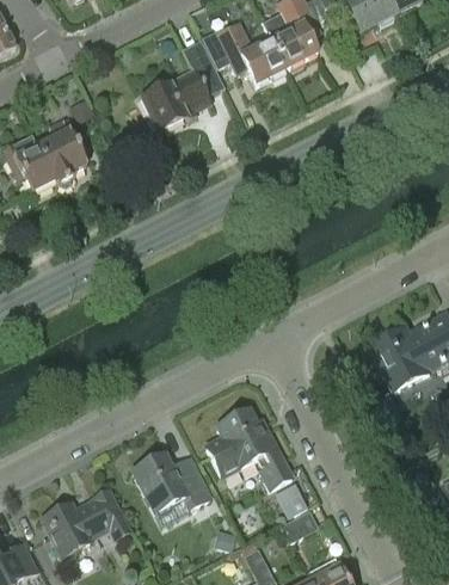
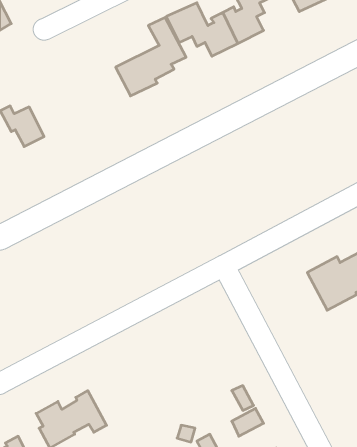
building: [36,118,86,184] -> none
building: [202,407,290,486] -> none
building: [131,451,209,510] -> none

